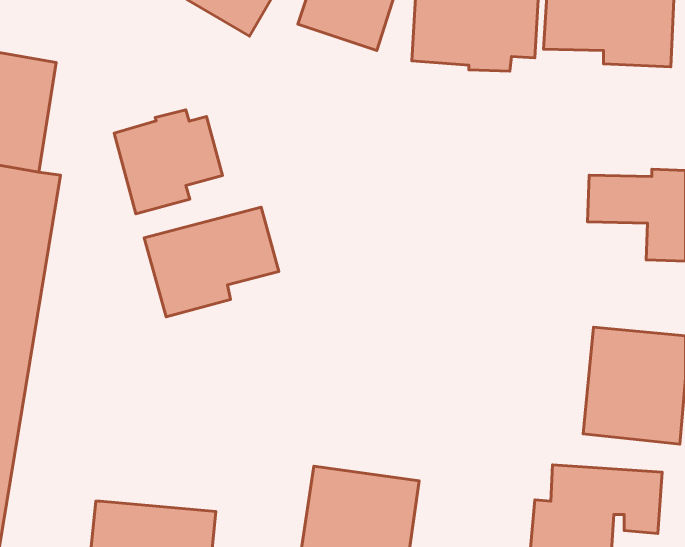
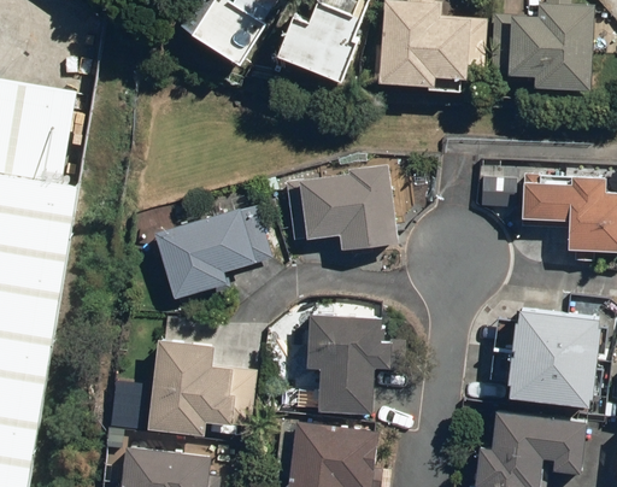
building: [114,110,223,214] -> none
building: none -> [277,164,398,252]
building: none -> [301,311,399,412]
building: none -> [145,338,248,436]

